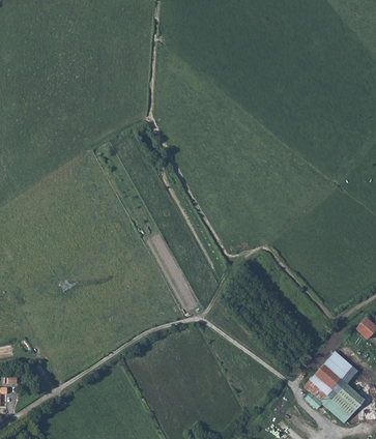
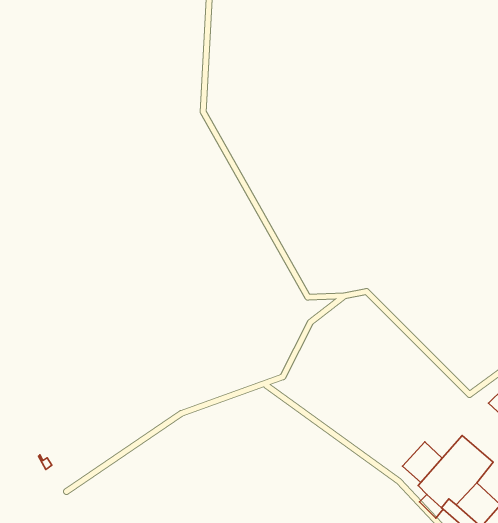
building: none -> [402,442,442,482]

